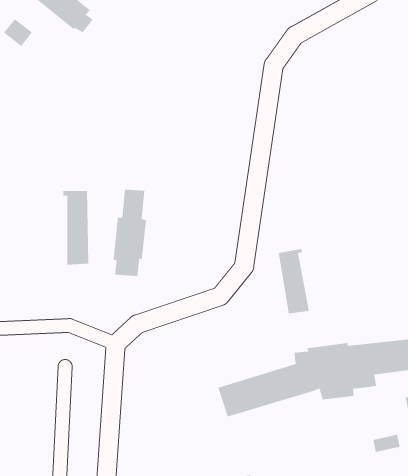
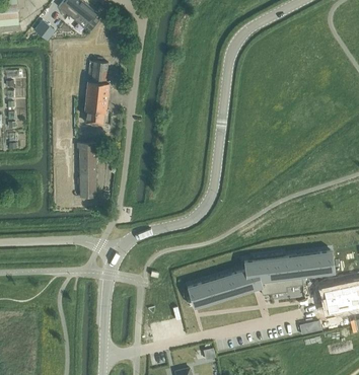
building: [113,189,147,276] -> [84,62,109,125]
building: [278,248,309,314] -> none

